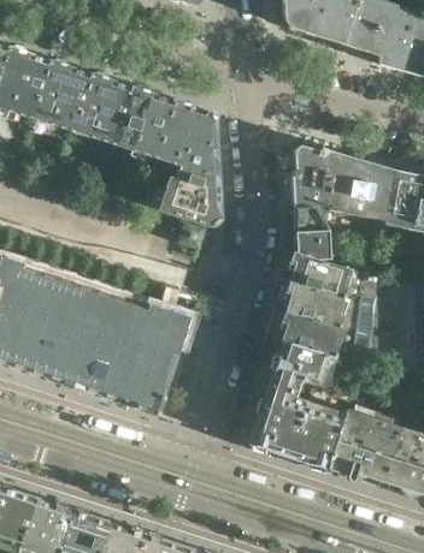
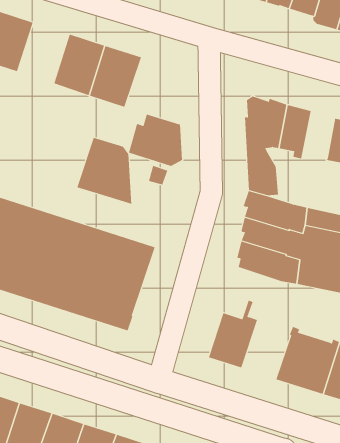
building: [30,59,89,129] -> none
building: [153,99,217,176] -> [76,137,132,204]
building: [355,160,393,216] -> none
building: [265,339,334,398] -> none
building: [287,399,342,468] -> none

